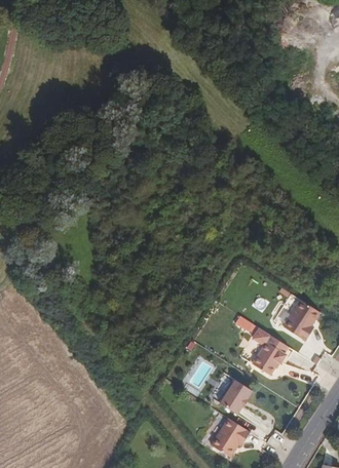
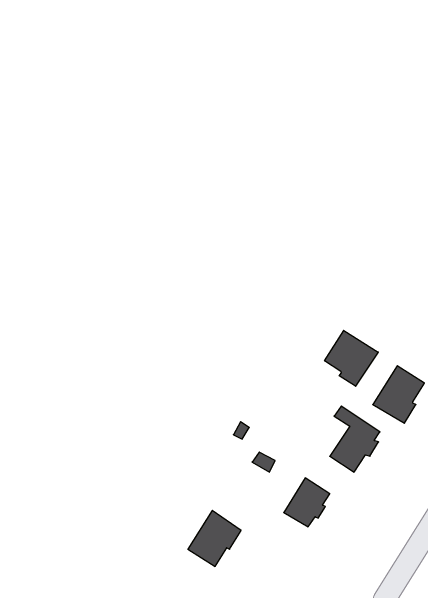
building: none -> [325,330,378,386]
building: [210,417,248,457] -> [188,510,241,566]

